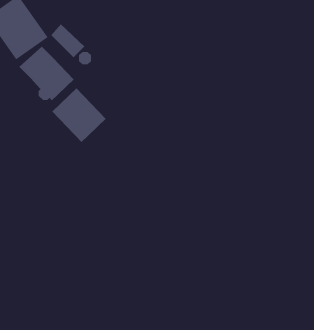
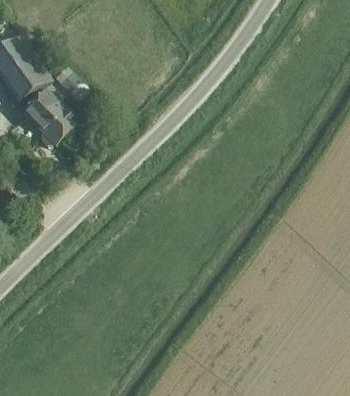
building: [51,88,106,143] -> none

